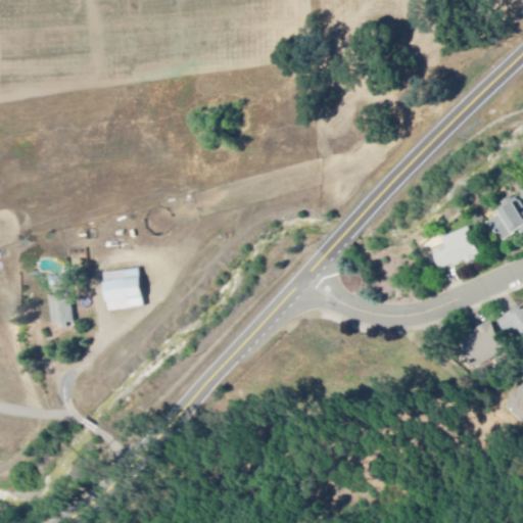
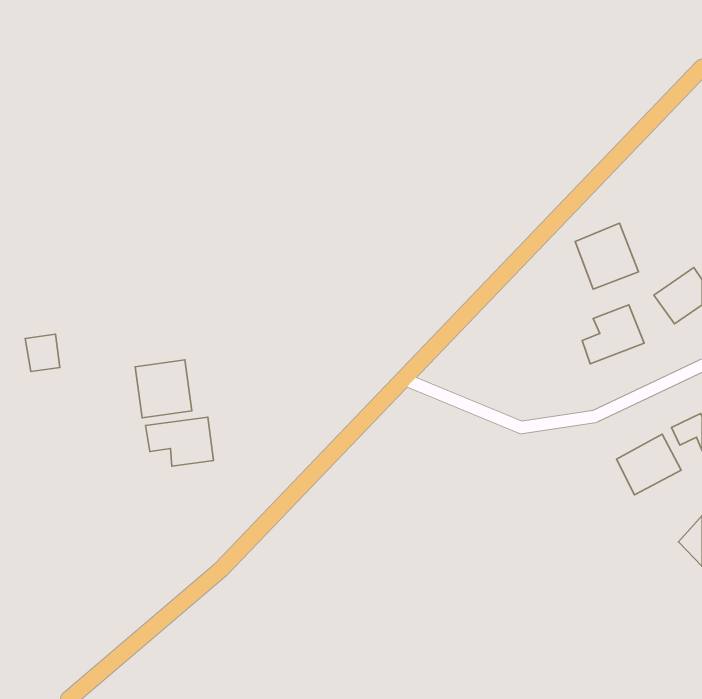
building: none -> [575,223,639,289]
building: [47,297,73,325] -> [25,334,60,372]
building: none -> [146,417,213,466]

